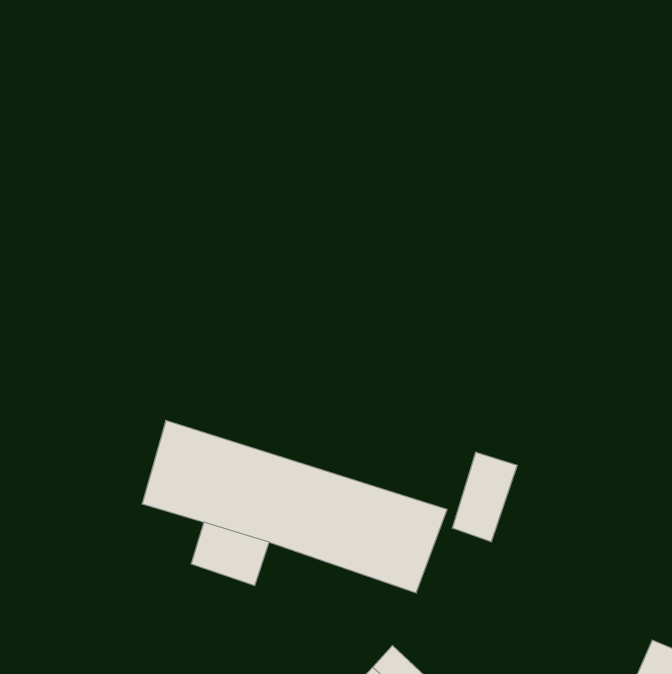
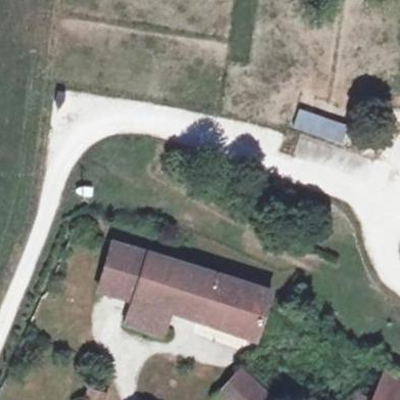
building: [452,452,517,542] -> none

